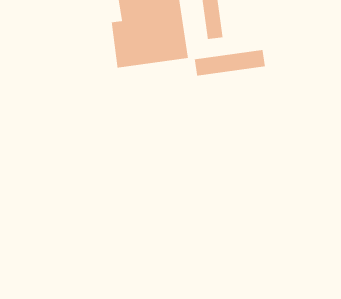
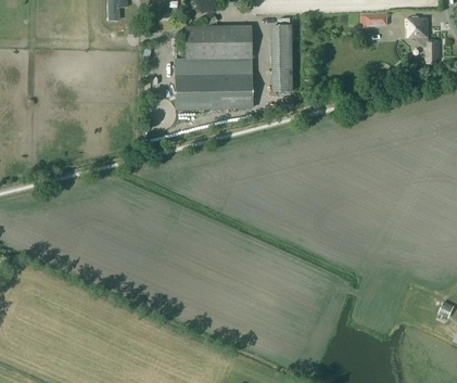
building: [194,49,266,76] -> none

